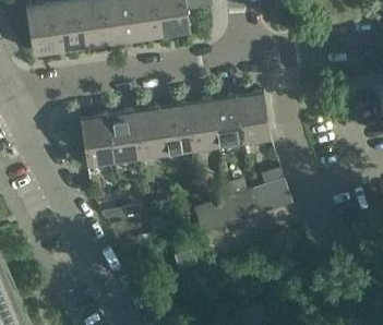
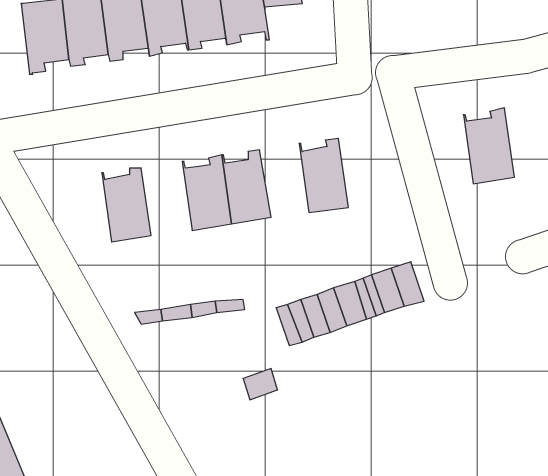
building: [237,93,271,143] -> [463,108,514,184]
building: [184,100,217,149] -> none
building: [106,112,140,161] -> none

